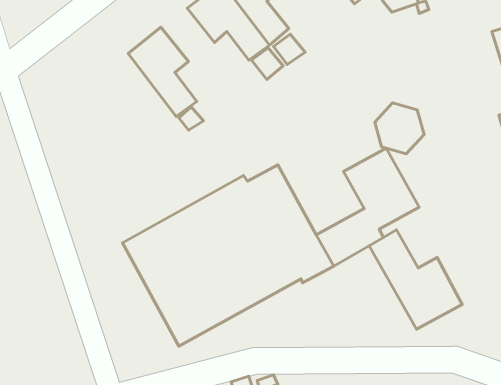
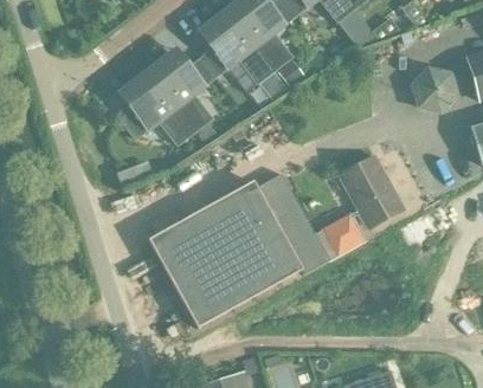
building: none -> [124,75,194,142]
building: [375,103,424,154] -> [416,69,458,112]
building: [369,230,462,329] -> none

